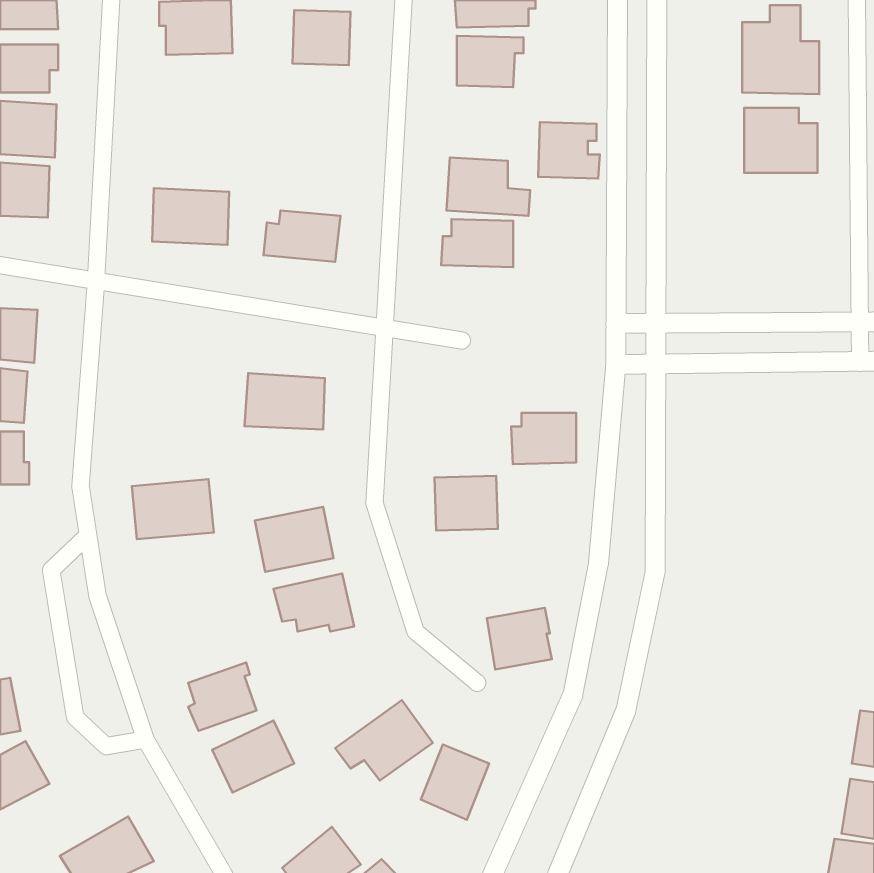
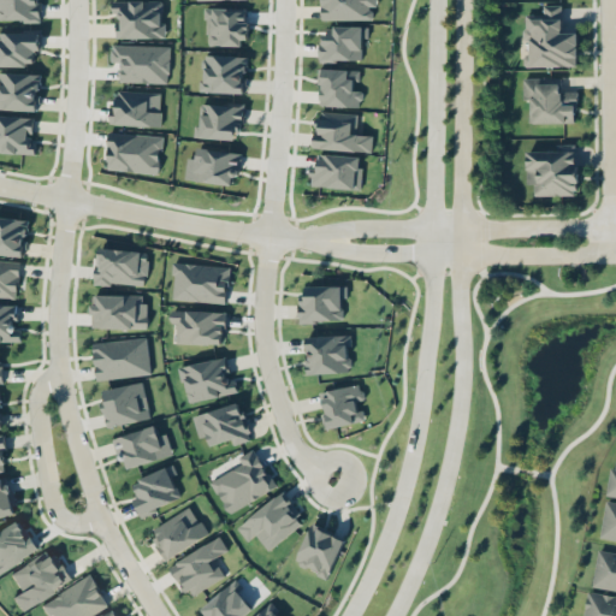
building: none -> [112,45,170,84]
building: none -> [199,55,245,94]
building: [538,122,600,179] -> [319,69,362,108]
building: none -> [109,91,161,126]
building: none -> [200,105,242,141]
building: none -> [526,144,576,195]
building: none -> [95,249,148,286]
building: [511,413,576,464] -> [298,286,344,322]
building: none -> [93,295,146,330]
building: none -> [172,312,225,345]
building: none -> [101,381,150,428]
building: none -> [113,427,172,468]
building: [487,608,552,670] -> [320,386,366,430]
building: none -> [211,449,276,514]
building: none -> [170,537,227,598]
building: none -> [11,551,71,609]

